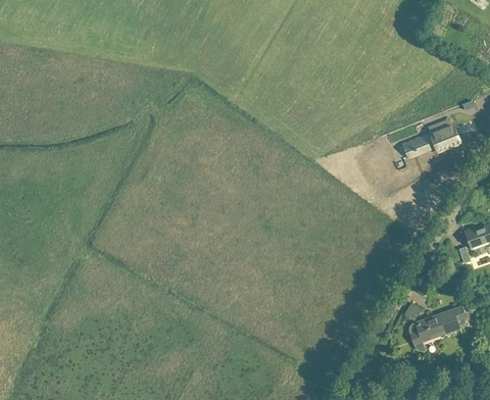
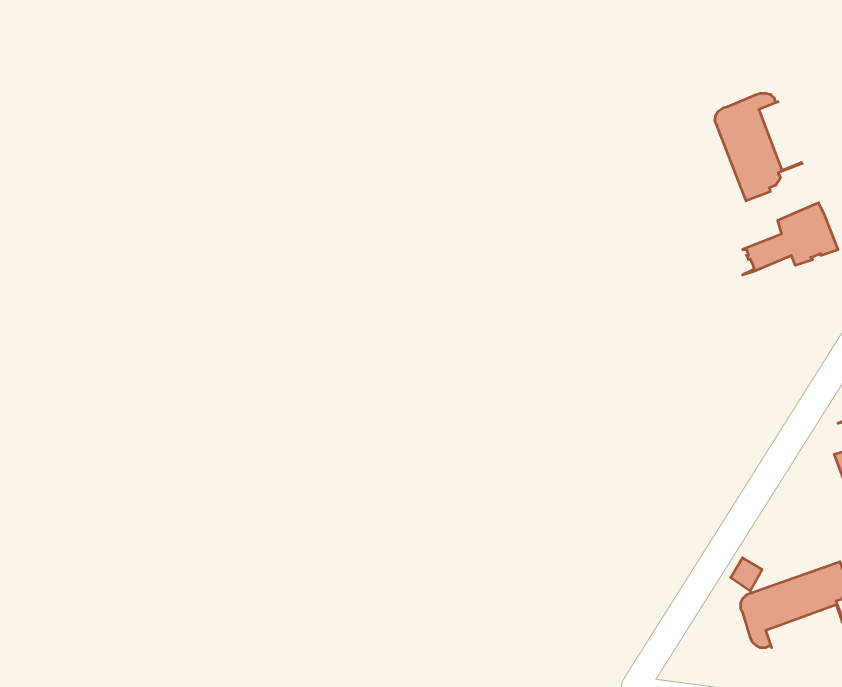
building: none -> [715,93,802,201]

